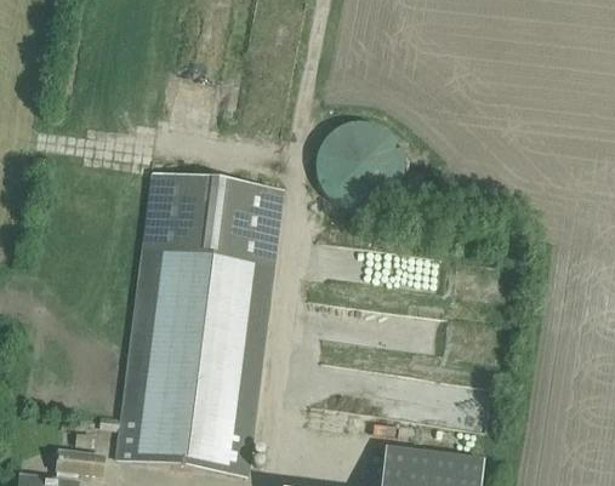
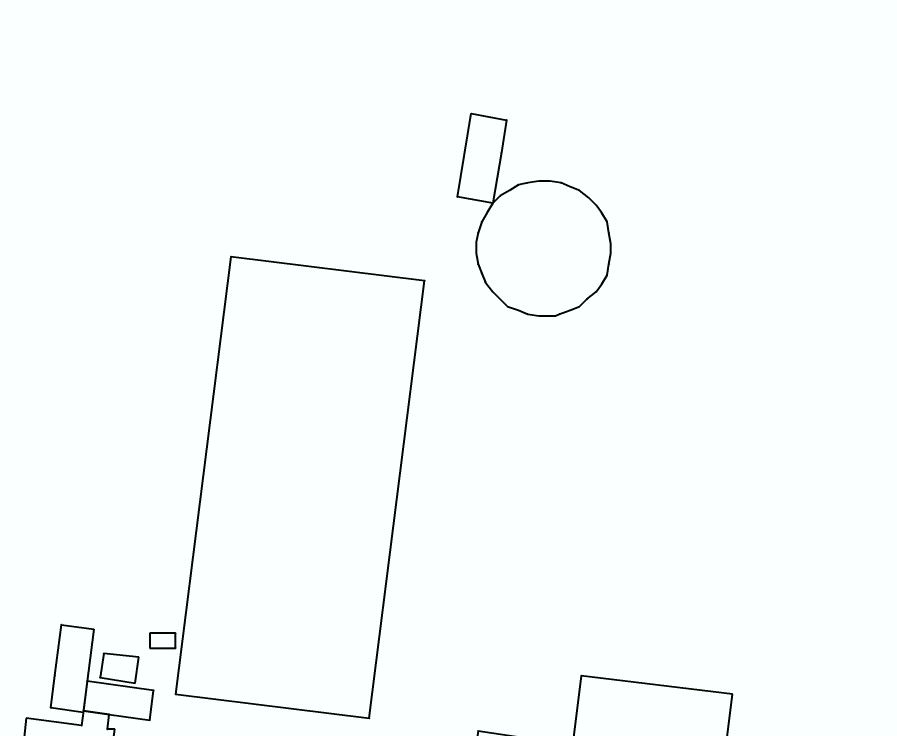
building: none -> [457,114,507,203]
building: none -> [51,625,94,713]

